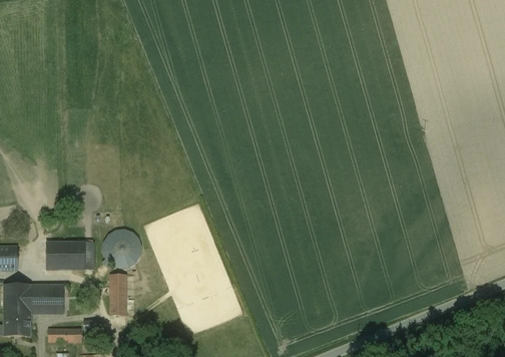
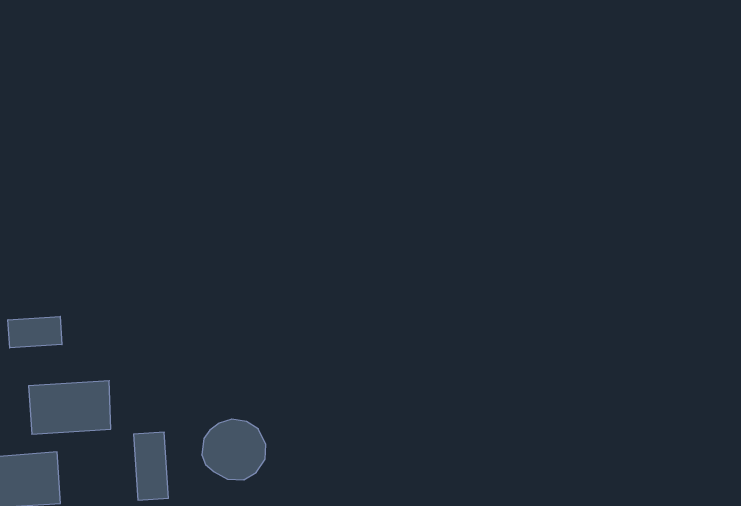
building: none -> [8,316,62,348]
building: [102,231,142,269] -> [202,419,266,480]

